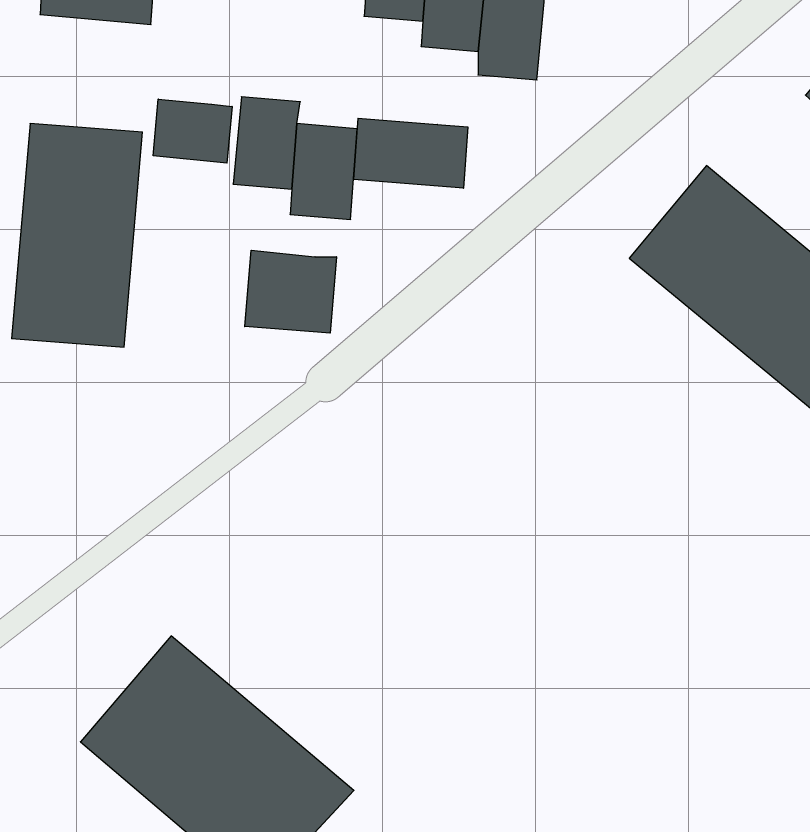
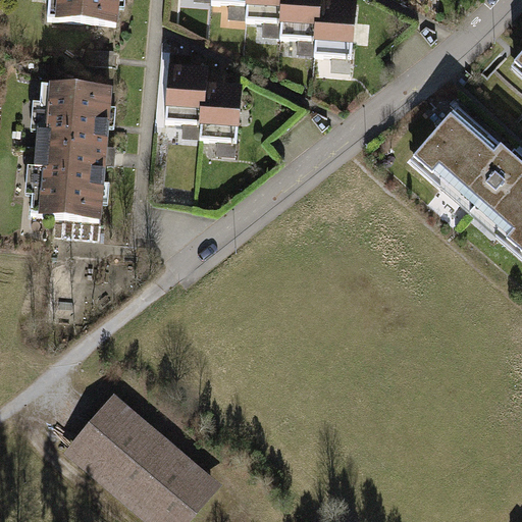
building: [153,99,232,163] -> none
building: [354,118,468,188] -> none
building: [245,250,336,333] -> none

